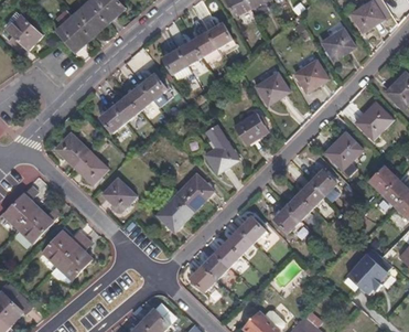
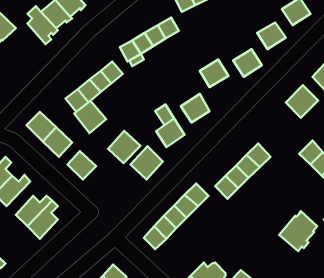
building: none -> [74,101,106,133]
building: [325,131,363,169] -> none
building: [157,193,194,231] -> [108,131,141,163]

